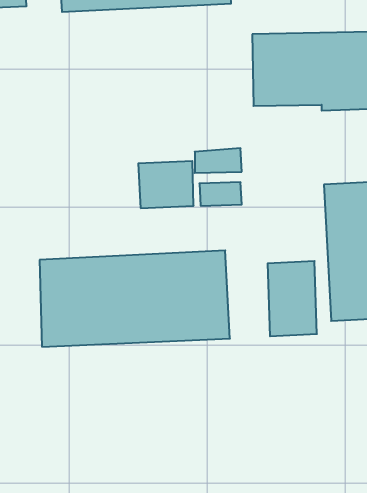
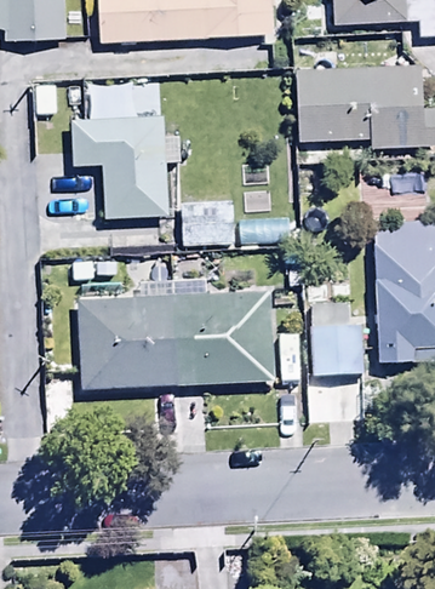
building: none -> [71,93,167,216]

